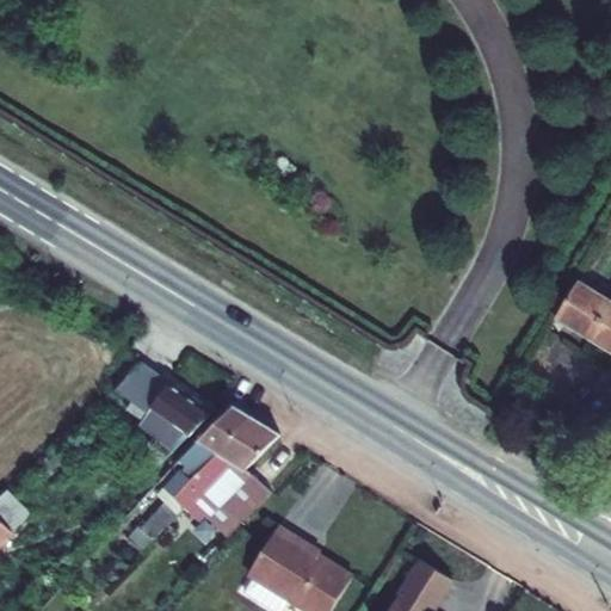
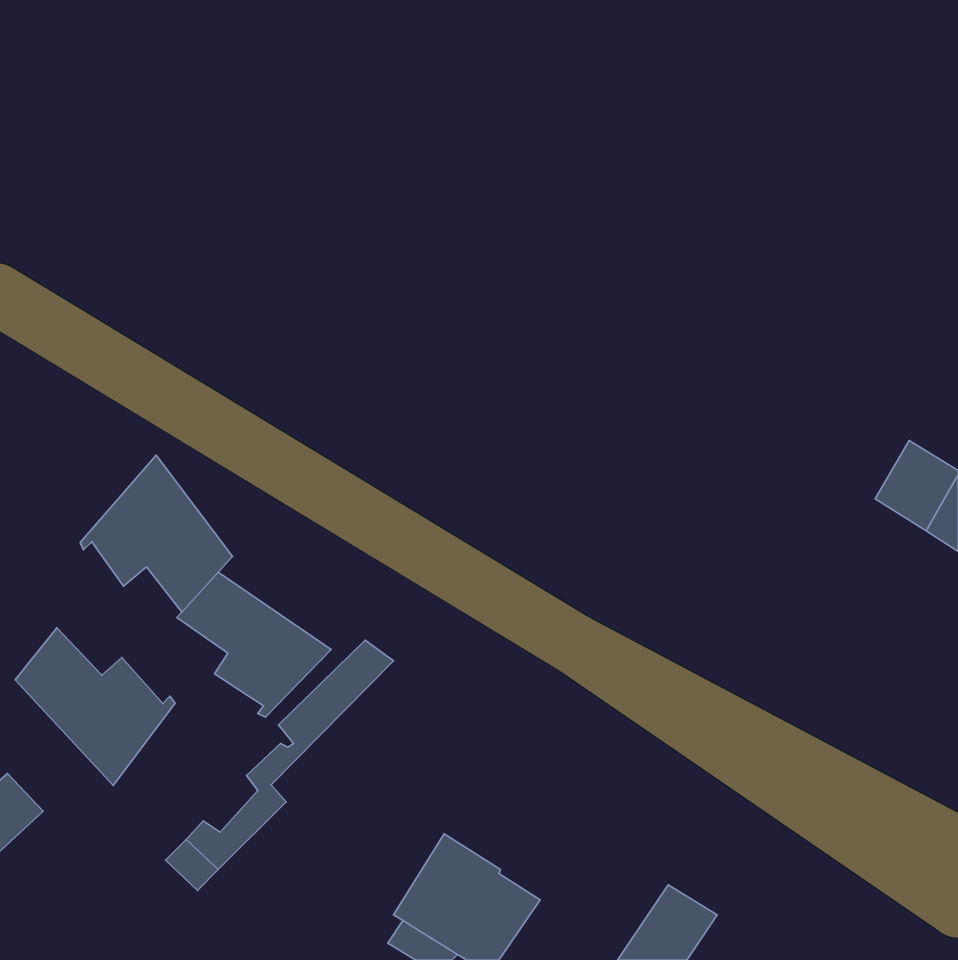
building: none -> [80,455,232,612]
building: none -> [15,628,175,785]
building: [172,416,279,542] -> none

